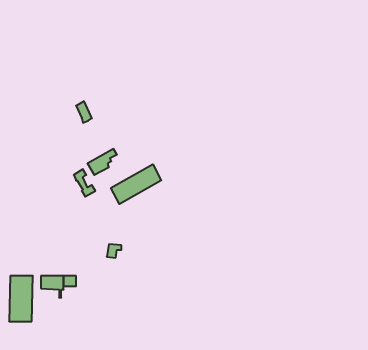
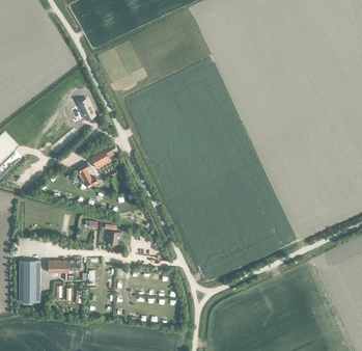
building: [111,164,161,204] -> none

